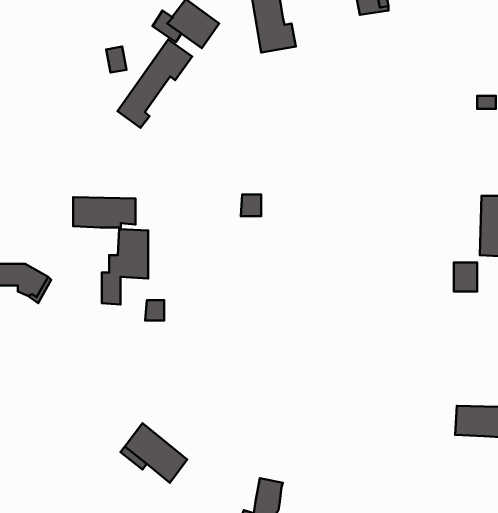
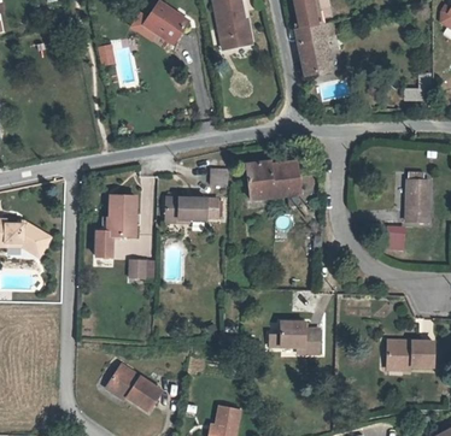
building: none -> [304,14,339,63]
building: [118,40,192,128] -> none
building: none -> [246,165,300,202]
building: [73,197,135,228] -> [164,199,216,224]
building: none -> [266,323,317,353]

